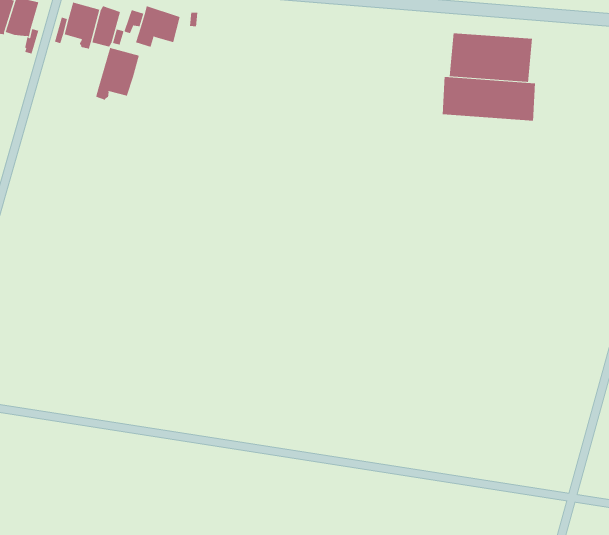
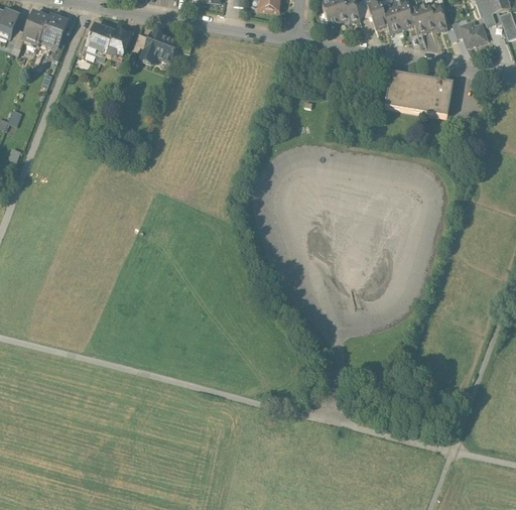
building: [96,47,140,101] -> none
building: [442,76,535,121] -> none

